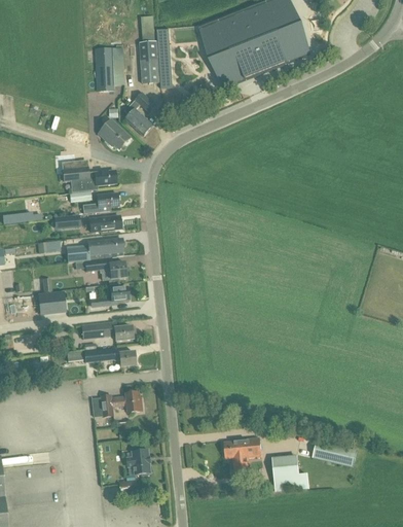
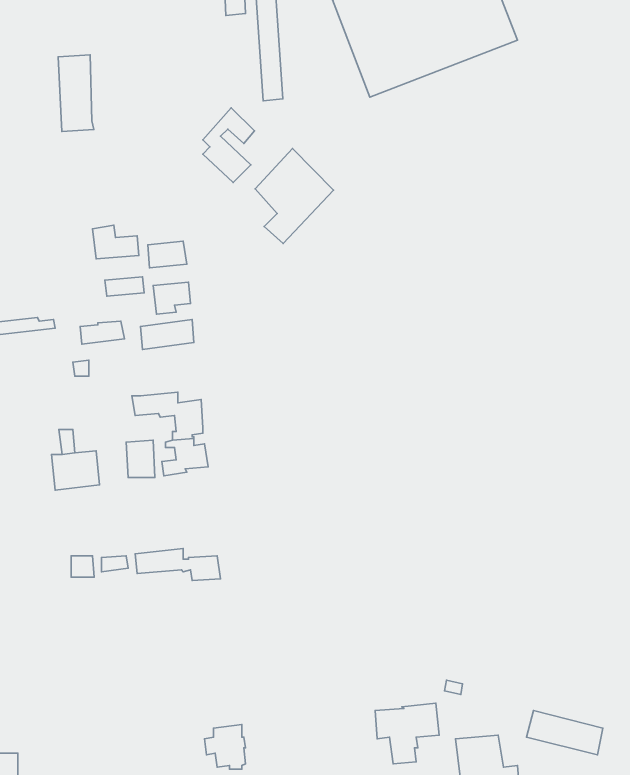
building: [139,40,159,83] -> none
building: [95,46,115,91] -> [58,55,94,131]
building: none -> [255,149,333,243]
building: [102,118,131,148] -> none
building: [66,238,125,260] -> none
building: [82,321,135,340] -> none
building: [94,391,143,416] -> none

